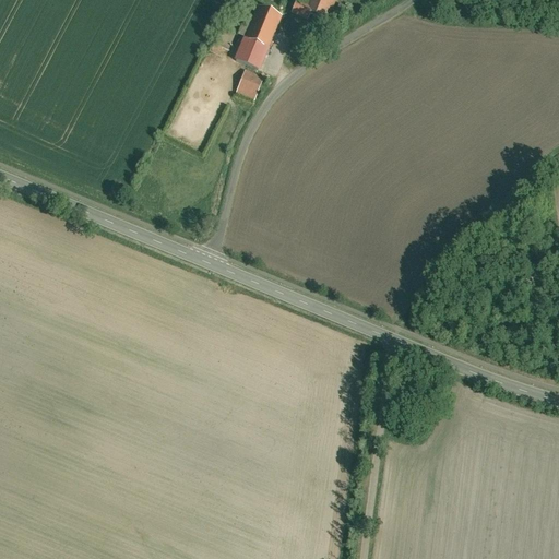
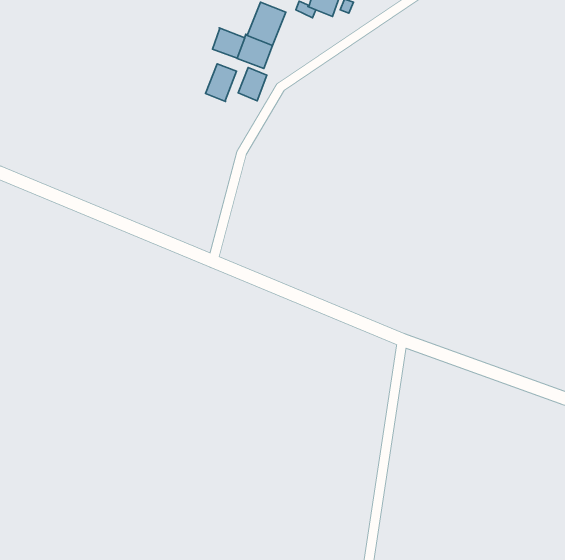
building: none -> [212,28,245,58]
building: none -> [206,64,237,102]

